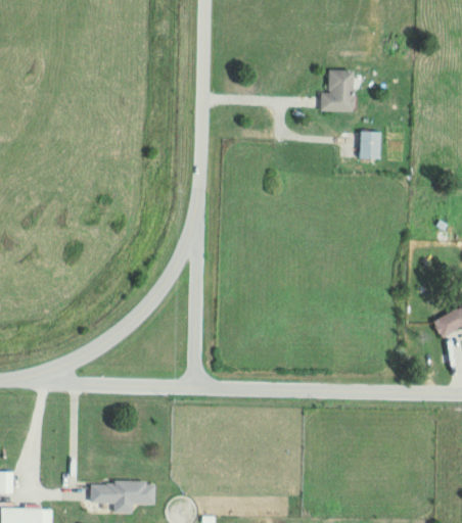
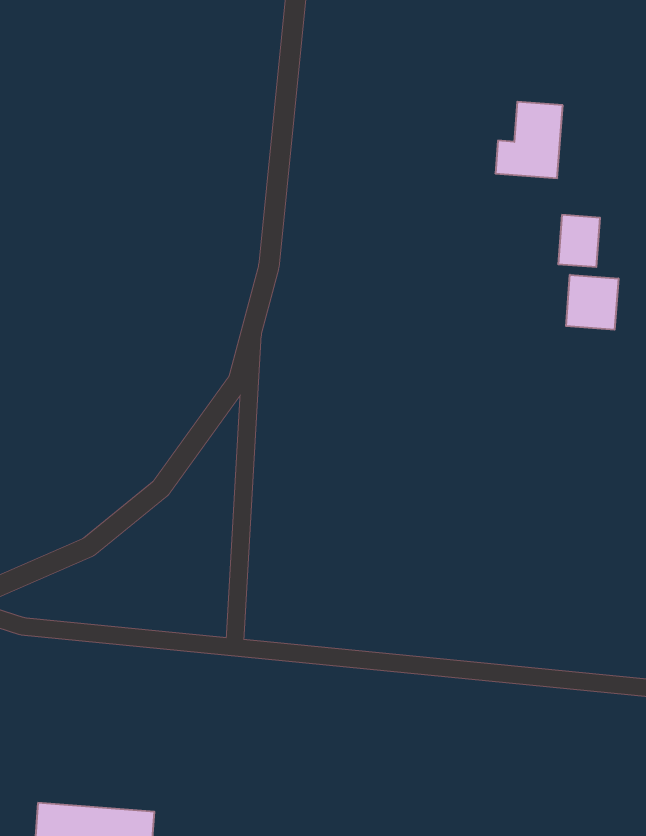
building: none -> [566,275,618,330]

